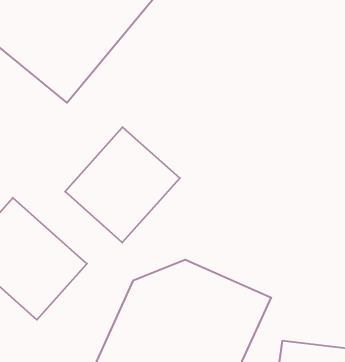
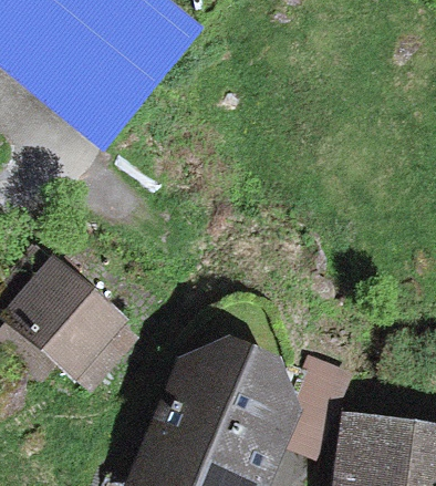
building: [65,127,180,243] -> none

